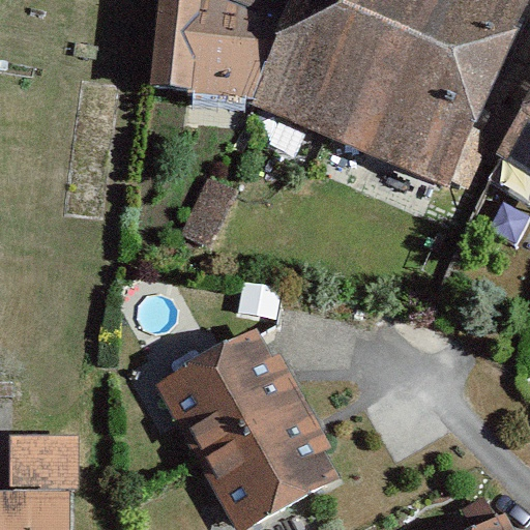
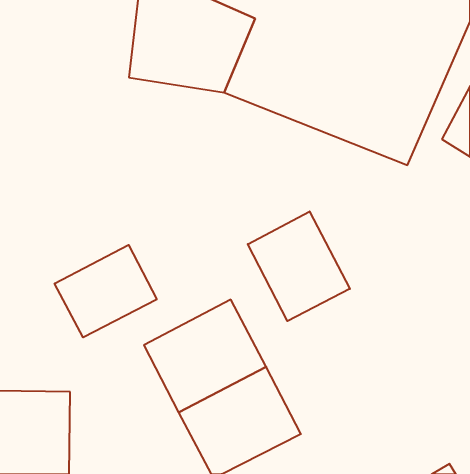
building: none -> [248,211,350,321]
building: none -> [55,245,157,337]

